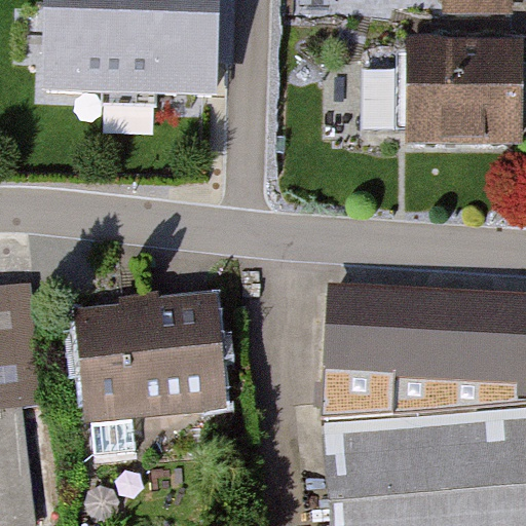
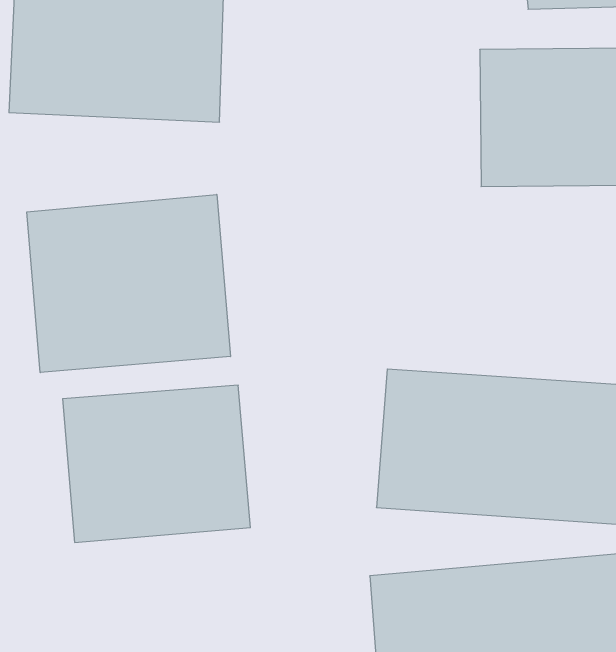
building: none -> [27,194,230,373]

